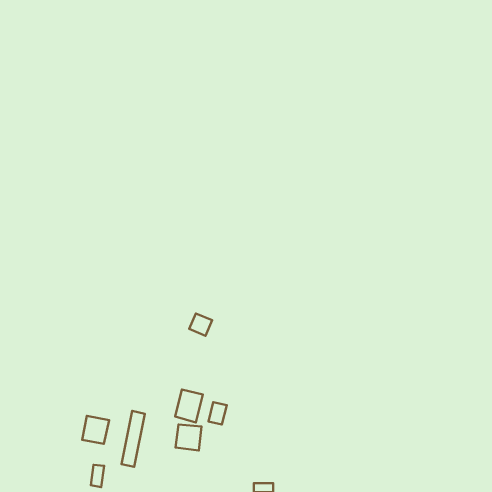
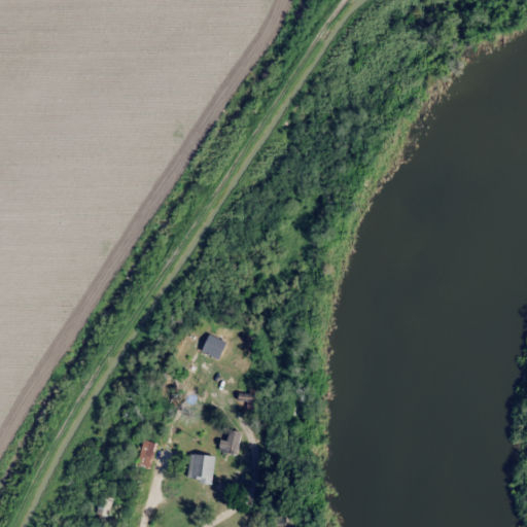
building: [175,389,203,423] -> none
building: [82,416,109,444] -> none

